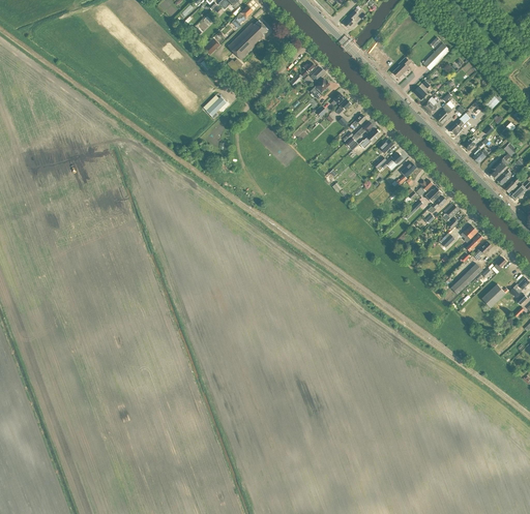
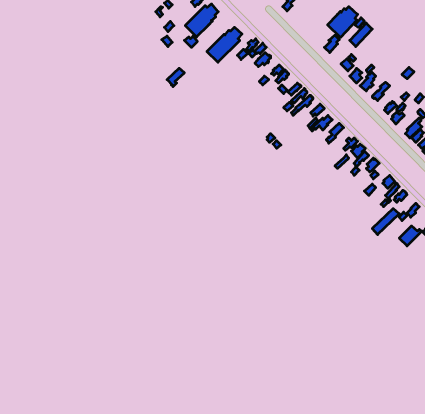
building: none -> [328,7,358,37]
building: none -> [207,27,242,62]

